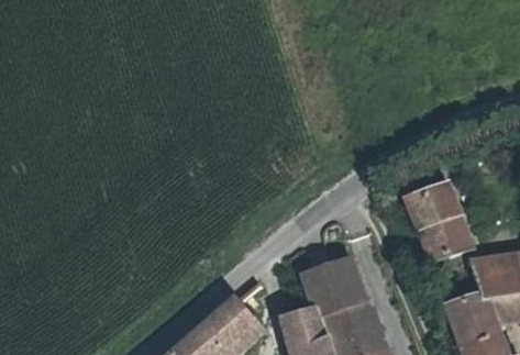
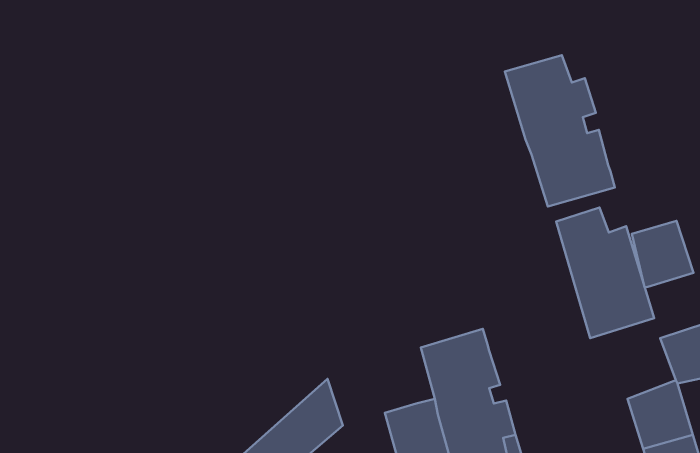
building: none -> [505,55,615,207]
building: none -> [632,221,693,287]

